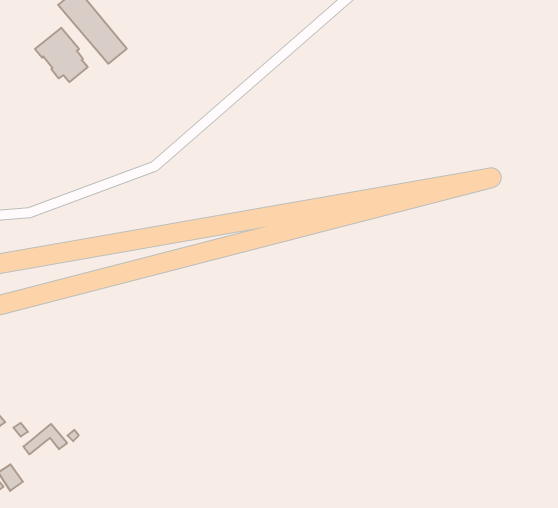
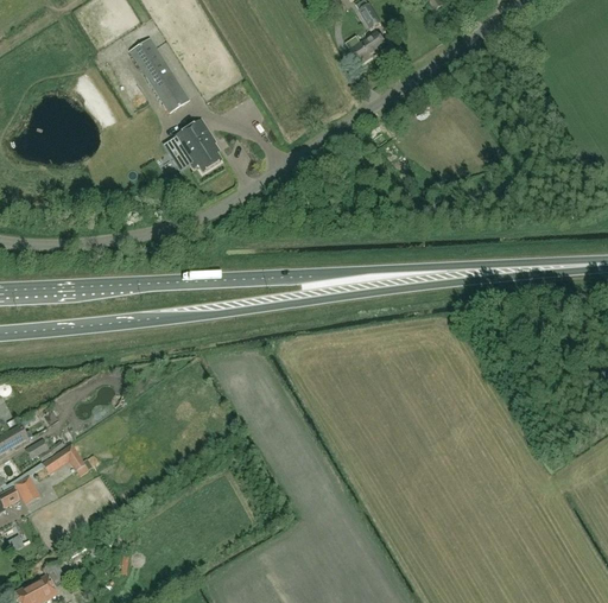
building: [35,28,88,82] -> [173,120,221,172]

